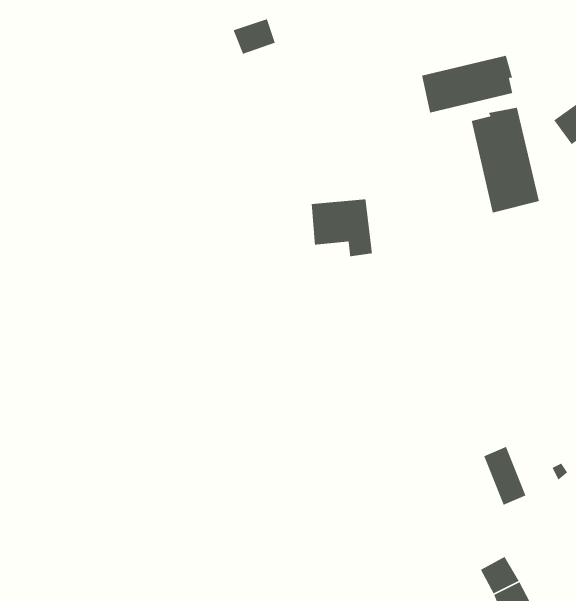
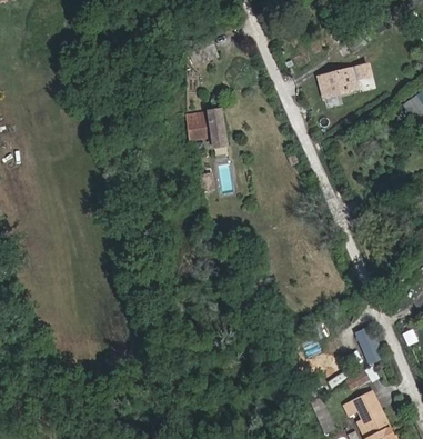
building: [471,107,540,213] -> none
building: [311,199,373,257] -> [193,109,234,148]

